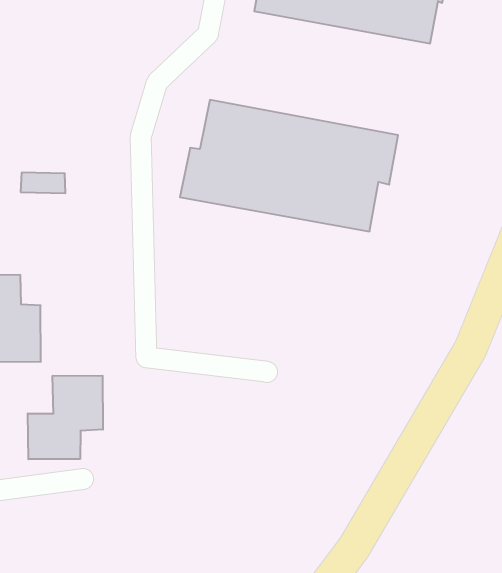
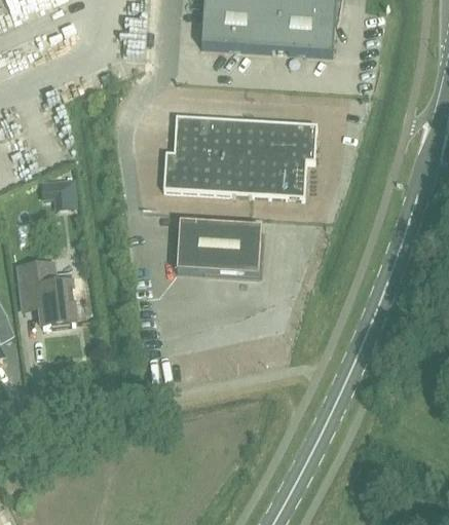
building: none -> [175,220,260,274]
building: [28,376,103,459] -> none

